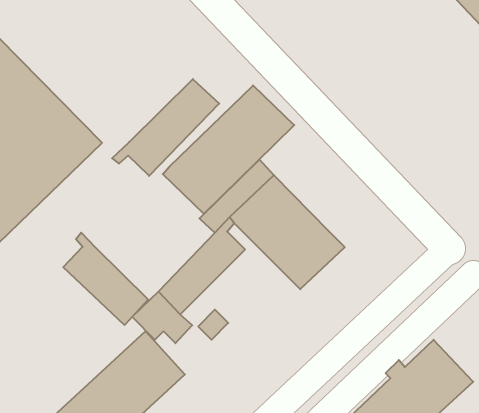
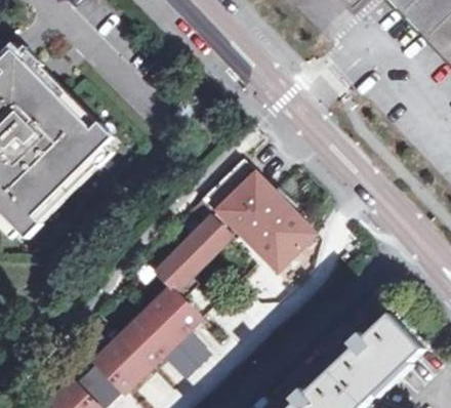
building: [112,79,219,176] -> none
building: [163,85,294,214] -> none
building: [63,233,148,325] -> none

